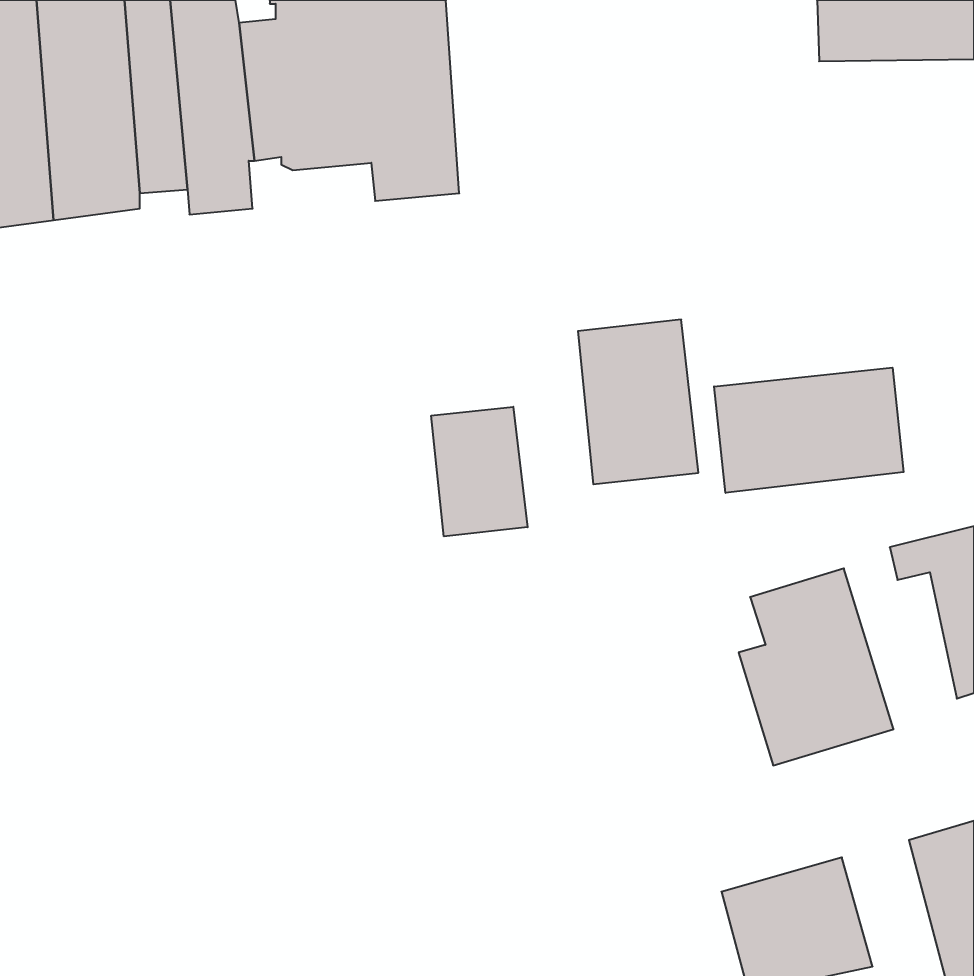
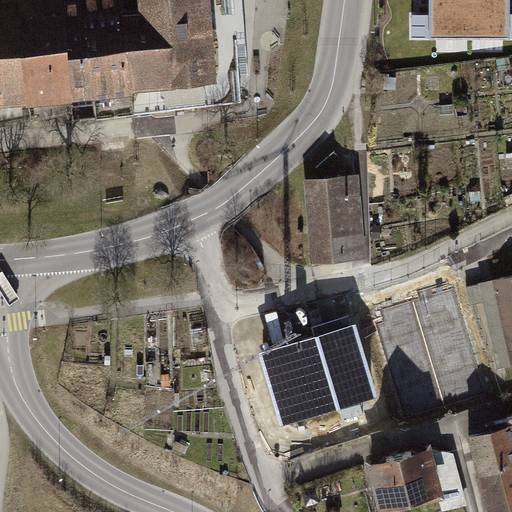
building: [714,368,904,493] -> none
building: [431,407,528,536] -> none
building: none -> [260,313,387,427]

